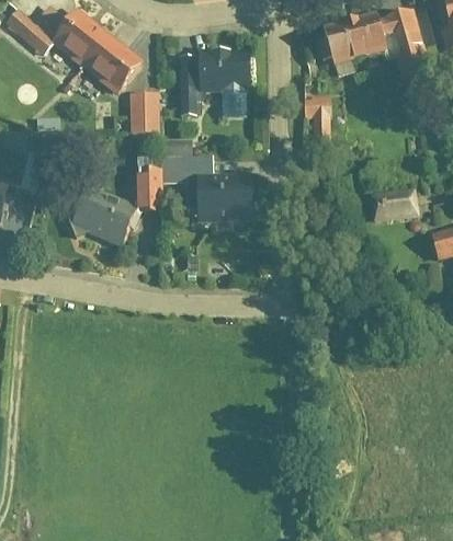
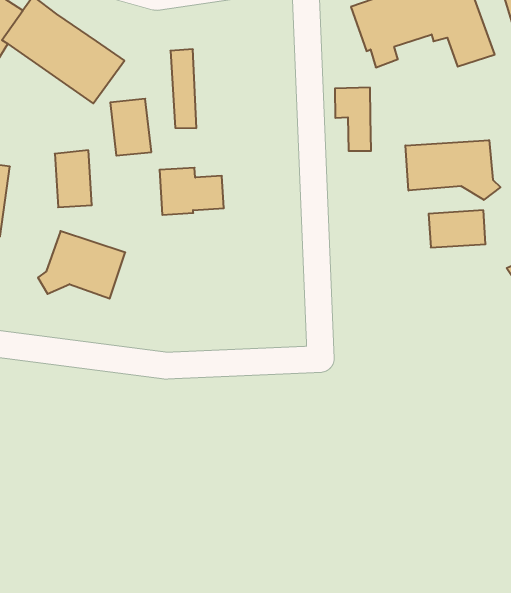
building: [199,53,250,116] -> none
building: none -> [405,140,500,200]
building: [136,164,162,207] -> [55,150,92,207]
building: [195,180,252,221] -> none

